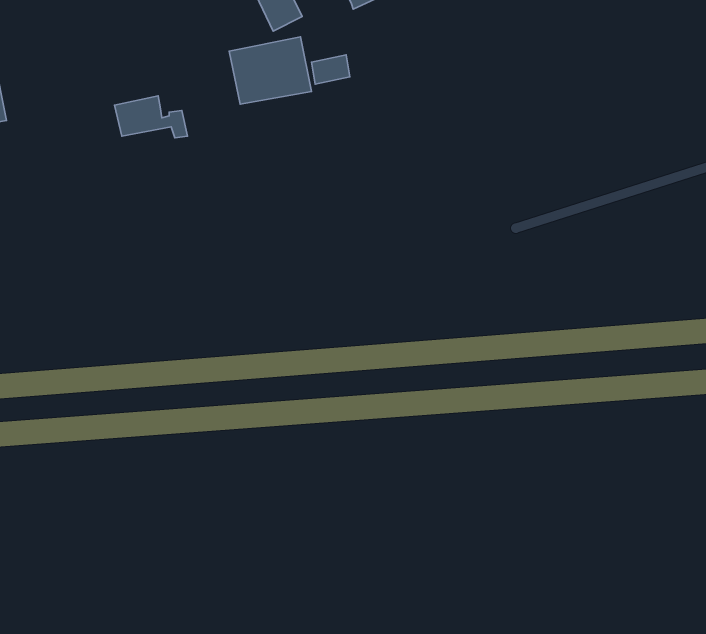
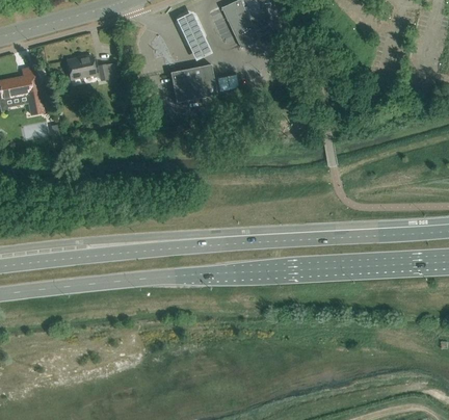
building: [114,96,187,138] -> [68,55,109,79]

